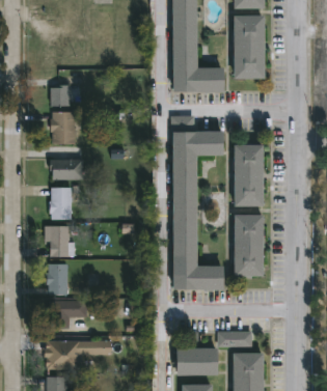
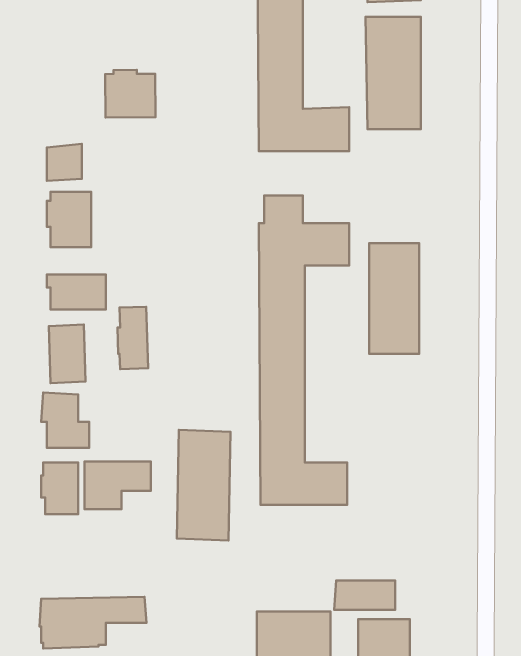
building: none -> [105,70,155,118]
building: none -> [117,307,148,369]
building: [233,214,263,276] -> [177,430,230,540]
building: [51,302,88,329] -> [85,461,151,509]

